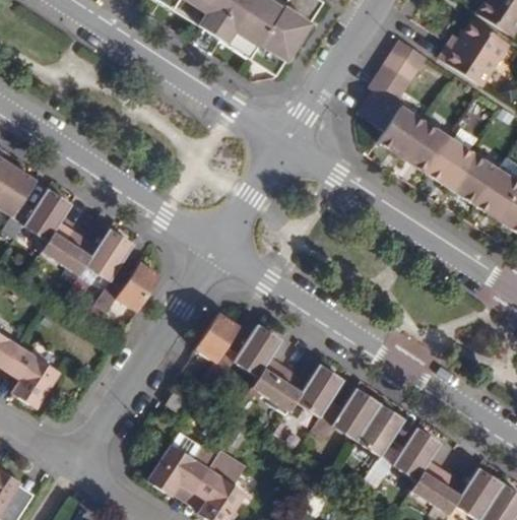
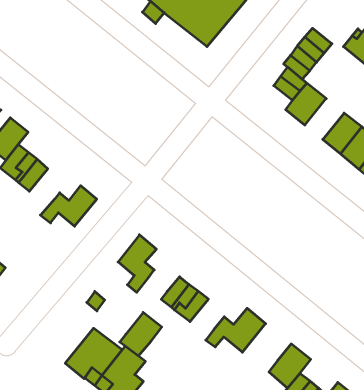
building: [403,124,449,174] -> none
building: [85,228,134,279] -> none
building: [234,324,282,377] -> [120,312,162,356]
building: [296,364,344,417] -> none
building: [357,403,403,475] -> none

